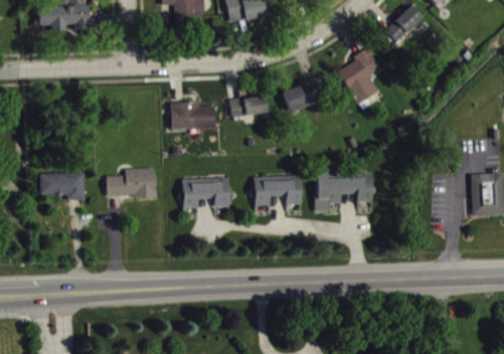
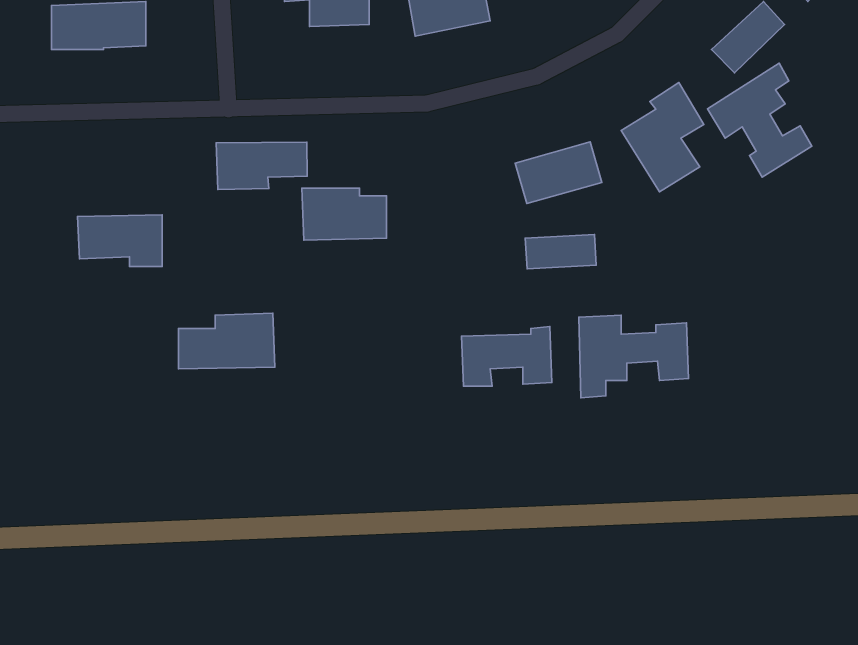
building: none -> [707,63,812,177]
building: none -> [216,142,307,190]
building: [229,98,267,116] -> [525,234,596,269]
building: [39,173,83,200] -> [77,215,162,267]
building: [182,178,229,209] -> none

